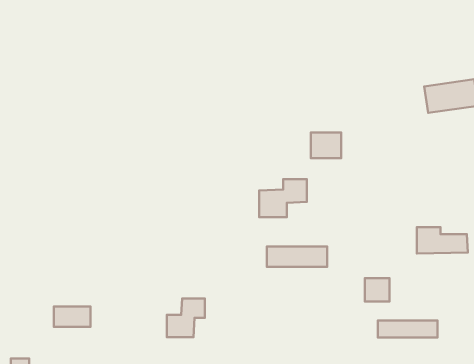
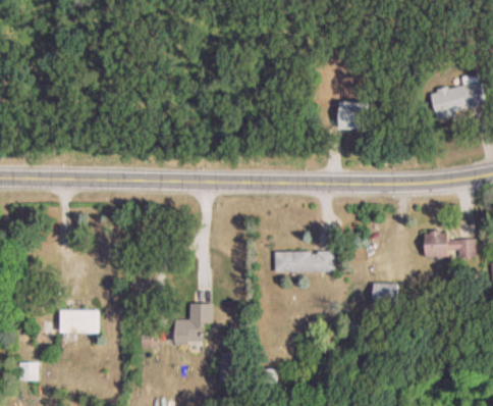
building: [311,133,341,158] -> [337,104,368,130]
building: [259,179,307,217] -> none
building: [378,321,438,338] -> none

